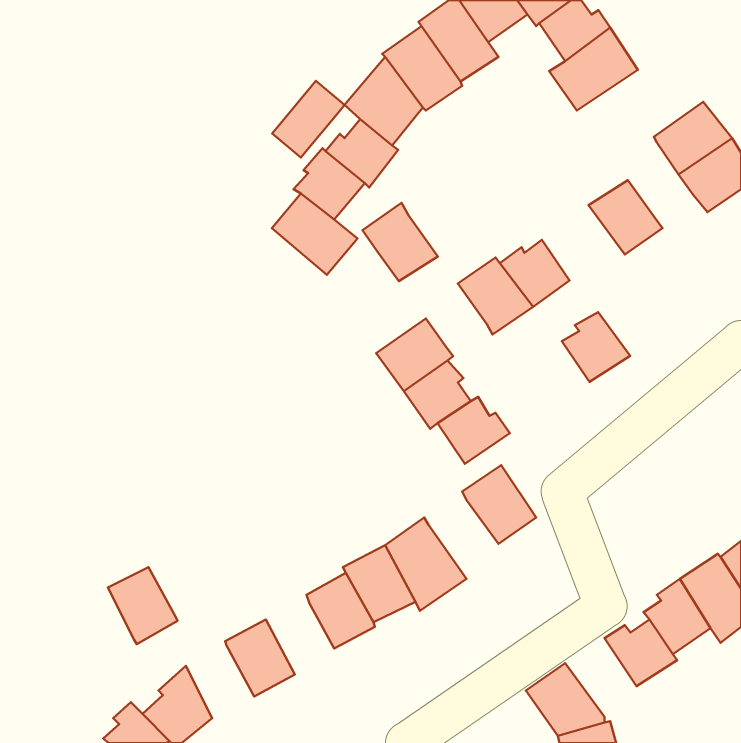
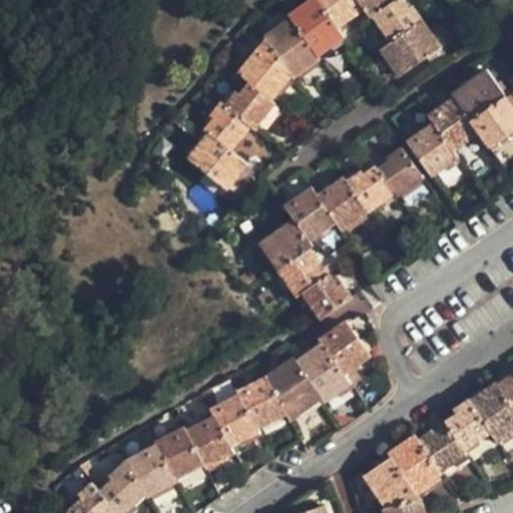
building: [272,81,344,158] -> none
building: none -> [428,98,478,150]
building: [362,203,438,281] -> [284,186,336,240]
building: [562,312,630,382] -> [376,148,423,196]
building: none -> [296,345,352,403]
building: [108,567,178,644] -> [128,445,176,498]
building: none -> [185,416,234,470]
building: none -> [387,434,443,494]

